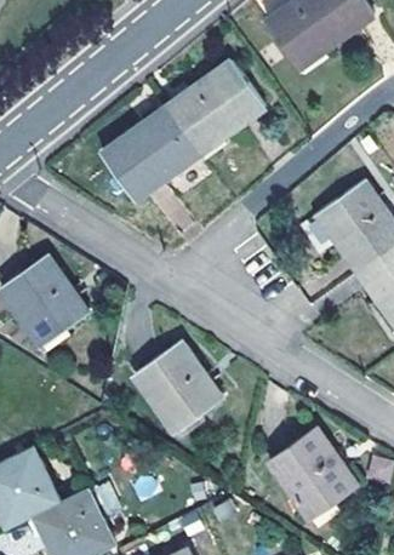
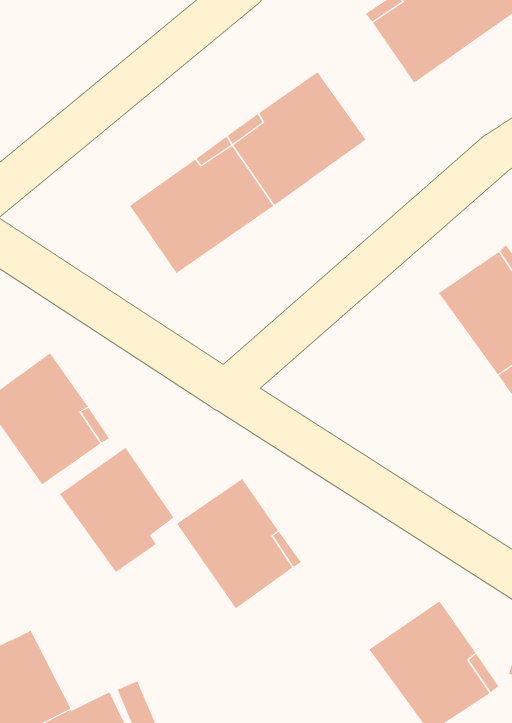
building: none -> [59,447,174,573]

